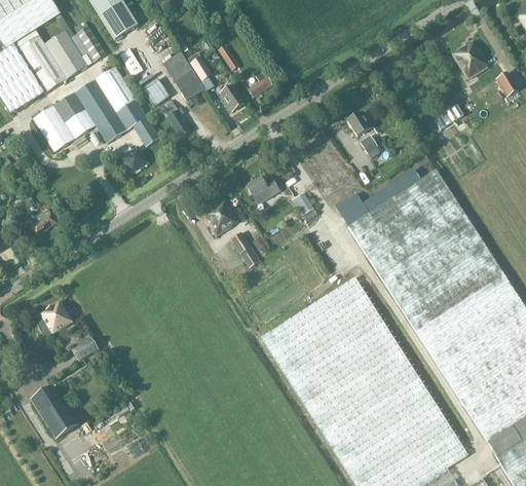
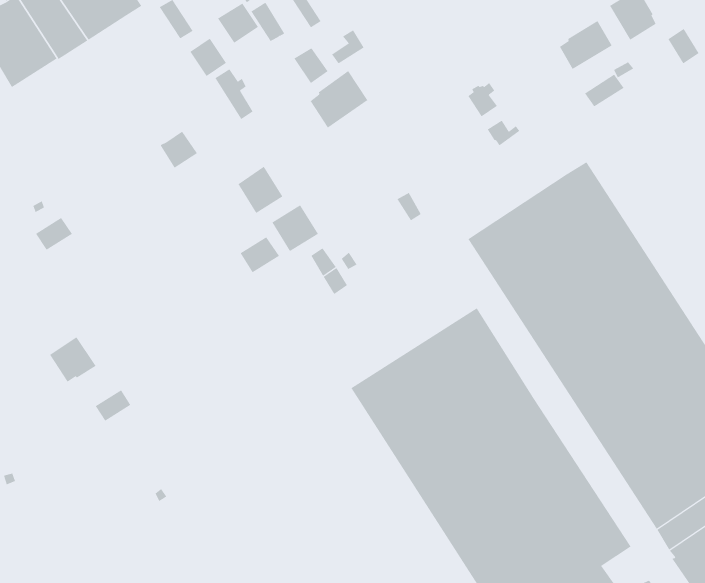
building: none -> [559,20,612,70]
building: [33,67,159,151] -> none
building: [175,69,204,100] -> none
building: none -> [310,70,368,128]
building: [335,169,420,226] -> none
building: none -> [237,166,283,214]
building: [247,178,279,202] -> none
building: none -> [240,236,280,273]
building: [31,384,78,438] -> none

